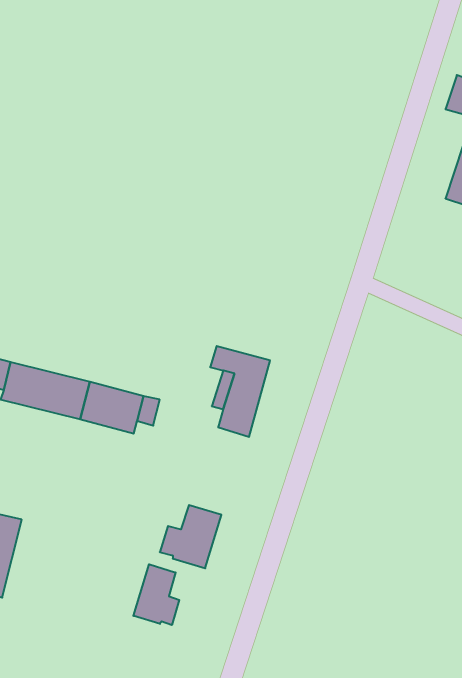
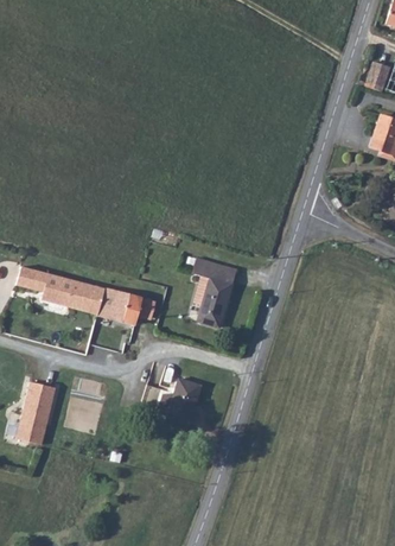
building: [133,564,179,625] -> none

